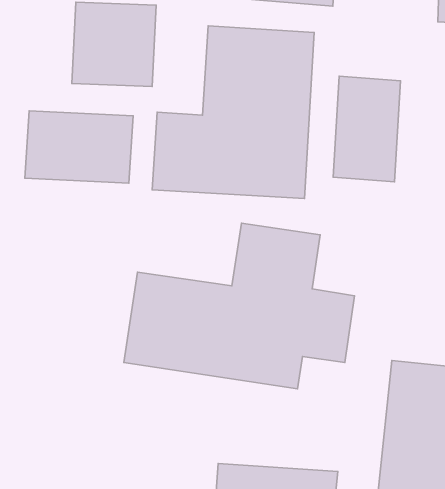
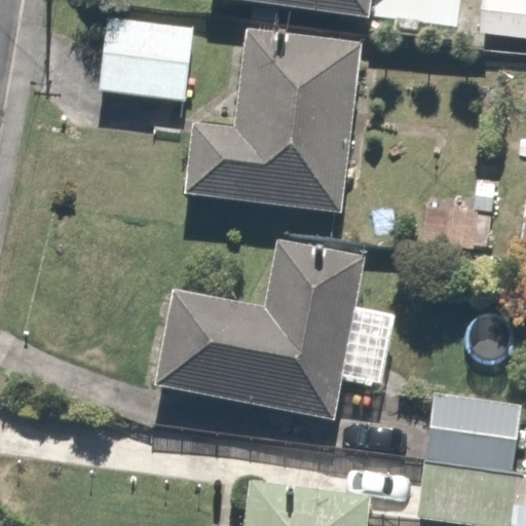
building: [333,76,401,182] -> none
building: [25,111,133,183] -> none

